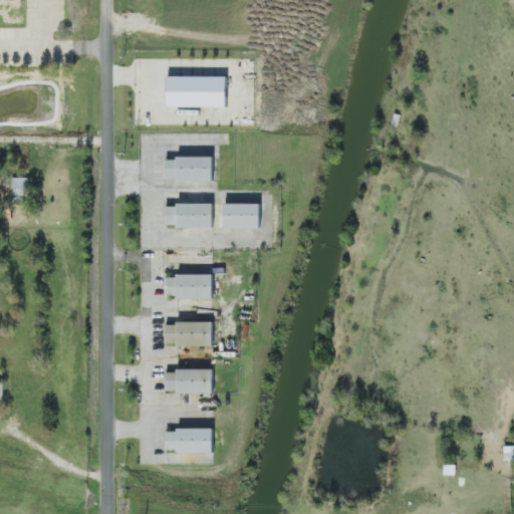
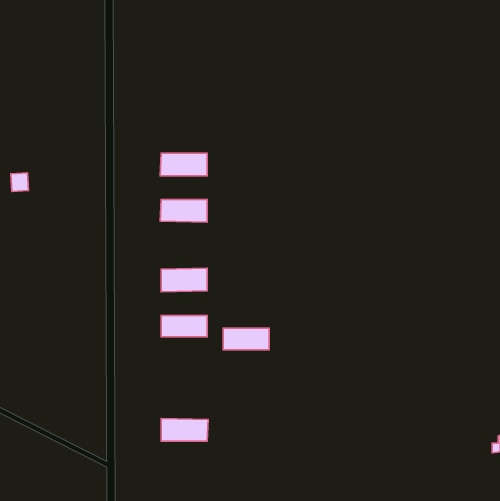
building: [167,75,226,106] -> none
building: [223,203,259,228] -> none
building: [165,369,212,392] -> [223,328,269,350]

